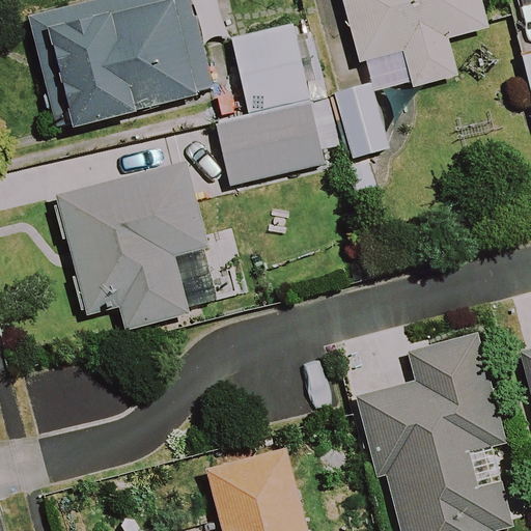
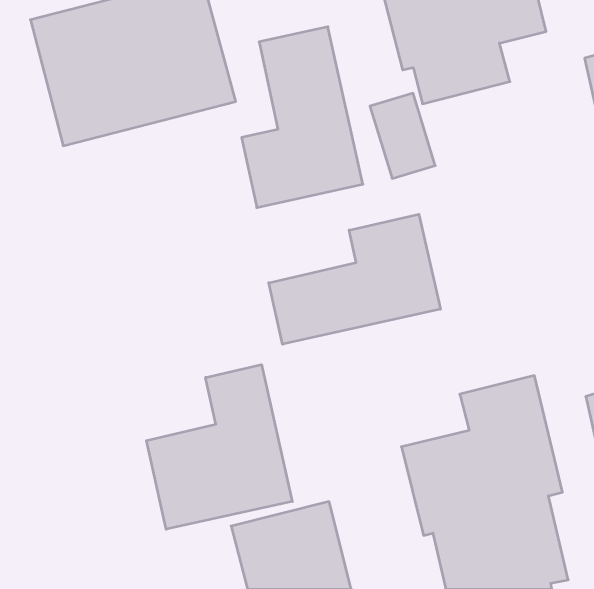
building: [56,162,209,329] -> none
building: none -> [269,214,440,344]
building: none -> [146,365,292,529]

